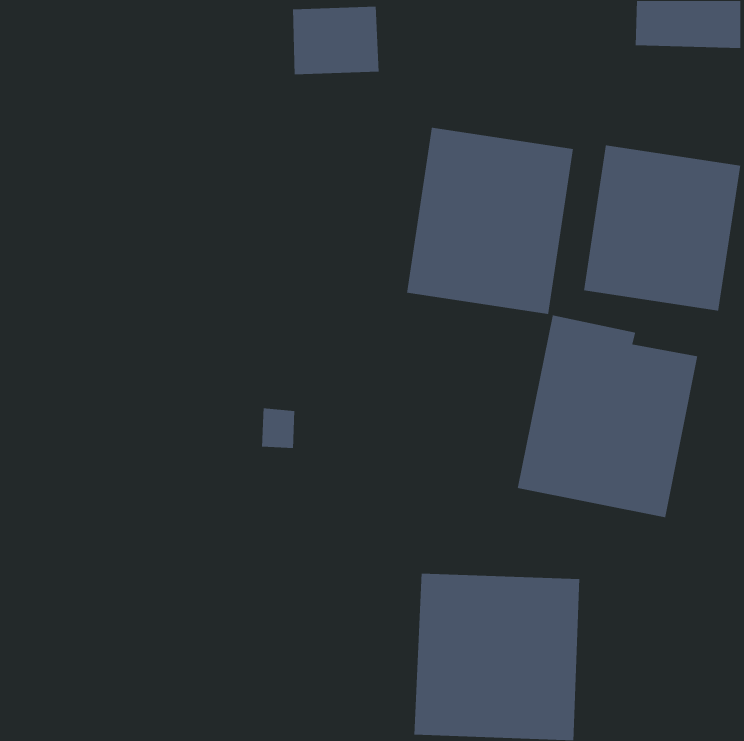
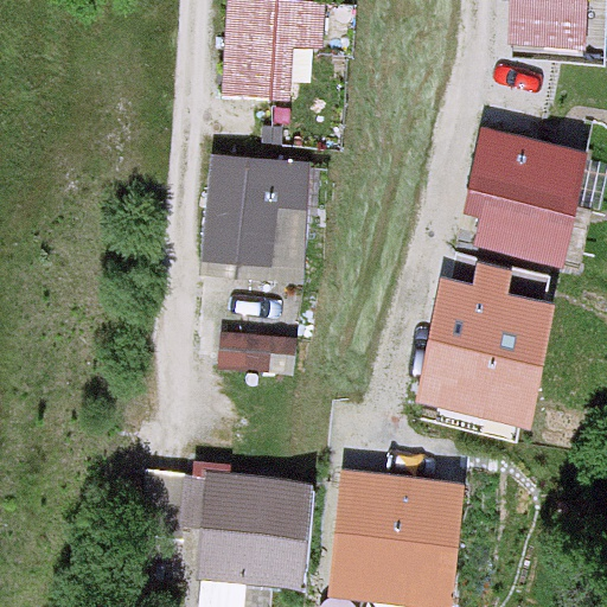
building: [406,127,574,315] -> none
building: none -> [192,160,305,270]
building: none -> [189,473,312,595]

